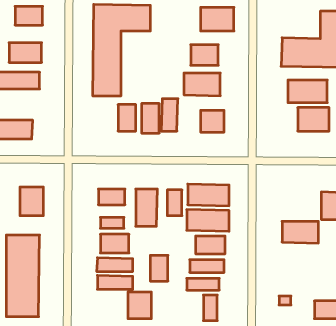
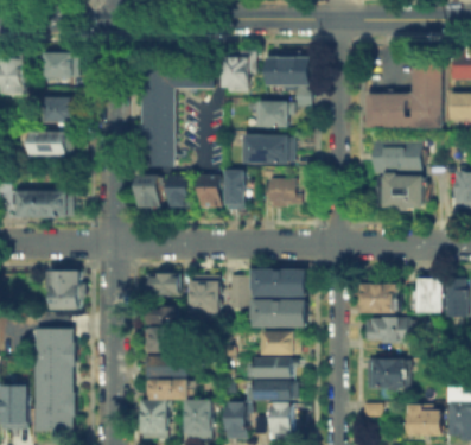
building: none -> [222,57,250,88]
building: none -> [133,173,153,201]
building: none -> [361,285,397,314]
building: [150,255,168,281] -> [224,402,246,433]
building: none -> [369,360,403,388]
building: none -> [139,401,166,434]

